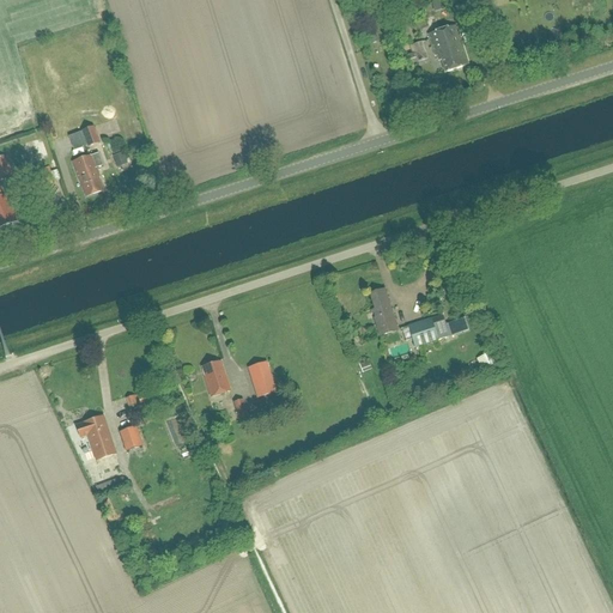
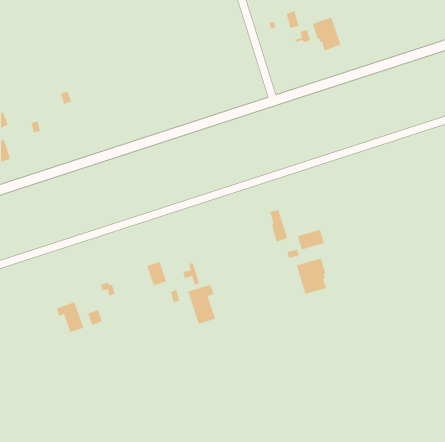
building: [72,153,103,194] -> none
building: none -> [296,257,327,295]
building: none -> [187,284,216,325]

